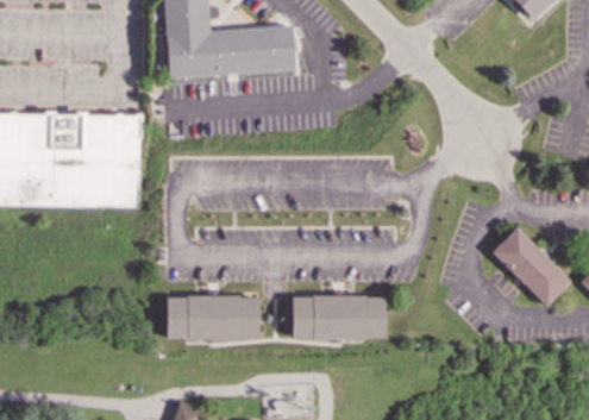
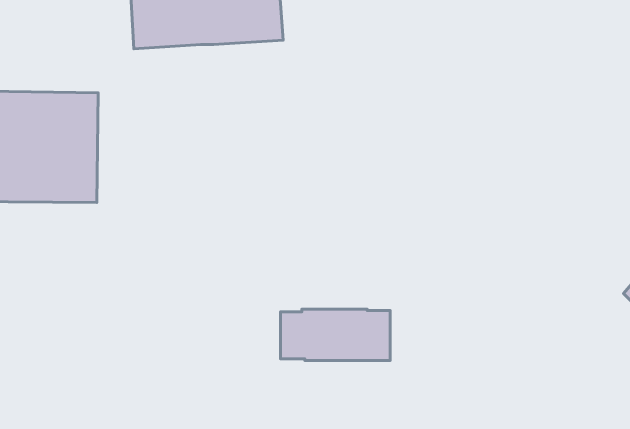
building: [491,228,571,307] -> none
building: [167,296,259,339] -> none

